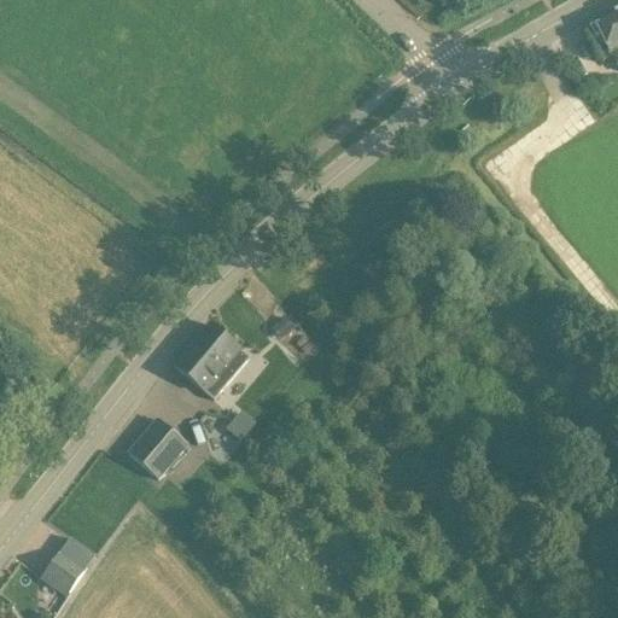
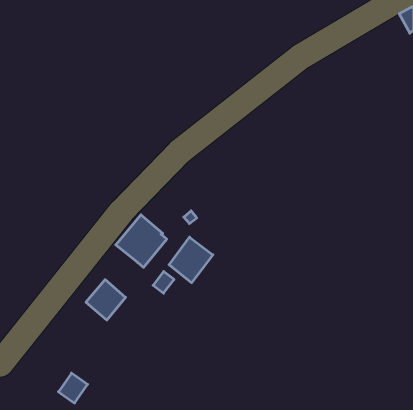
building: none -> [169,237,213,283]
building: [41,550,84,595] -> [58,373,88,403]

